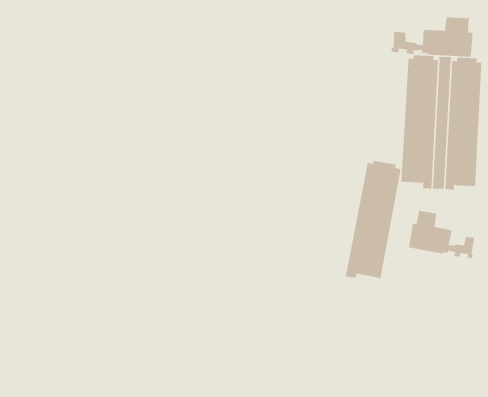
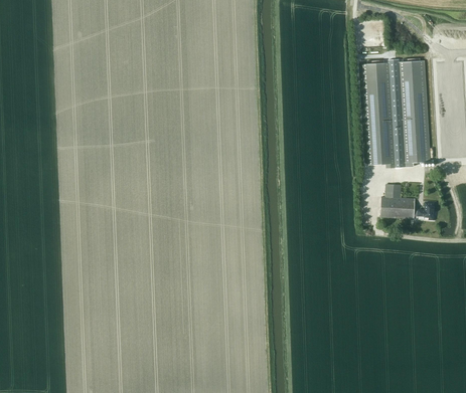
building: [391,17,473,58] -> none
building: [345,160,401,279] -> none

